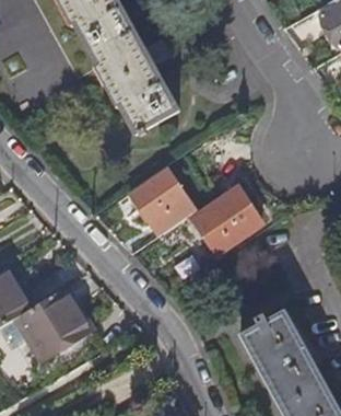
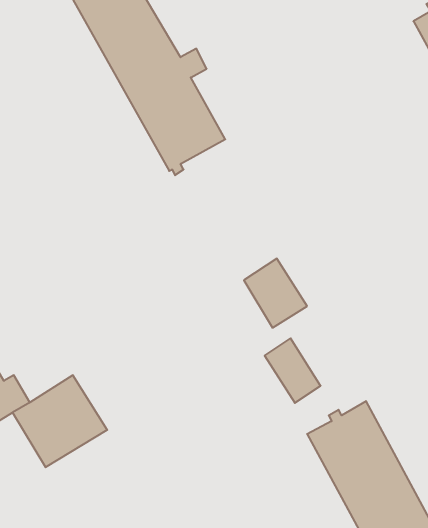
building: [130,167,197,236] -> none
building: [217,187,260,236] -> [265,338,321,403]

